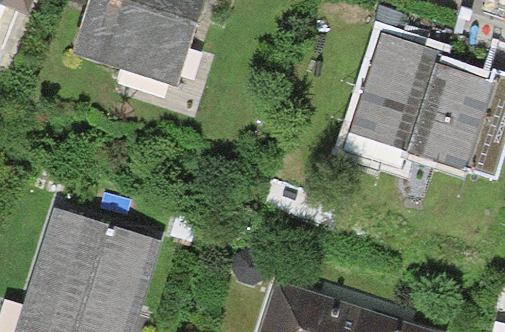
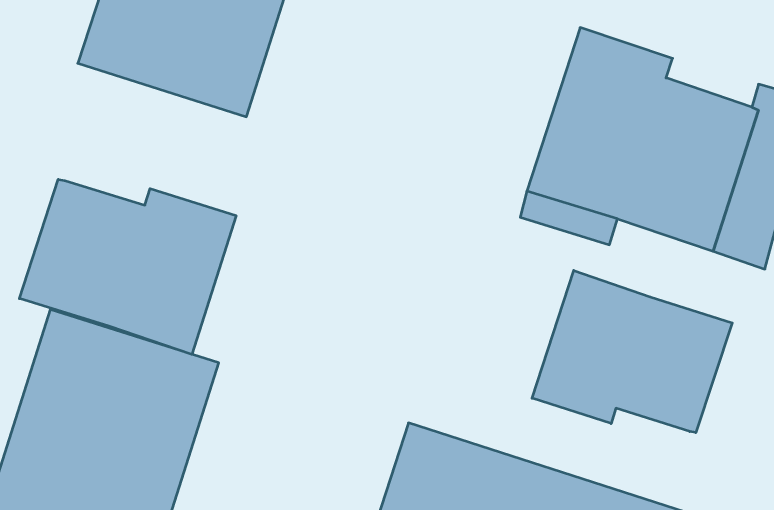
building: none -> [19,179,236,354]
building: none -> [532,270,732,433]

